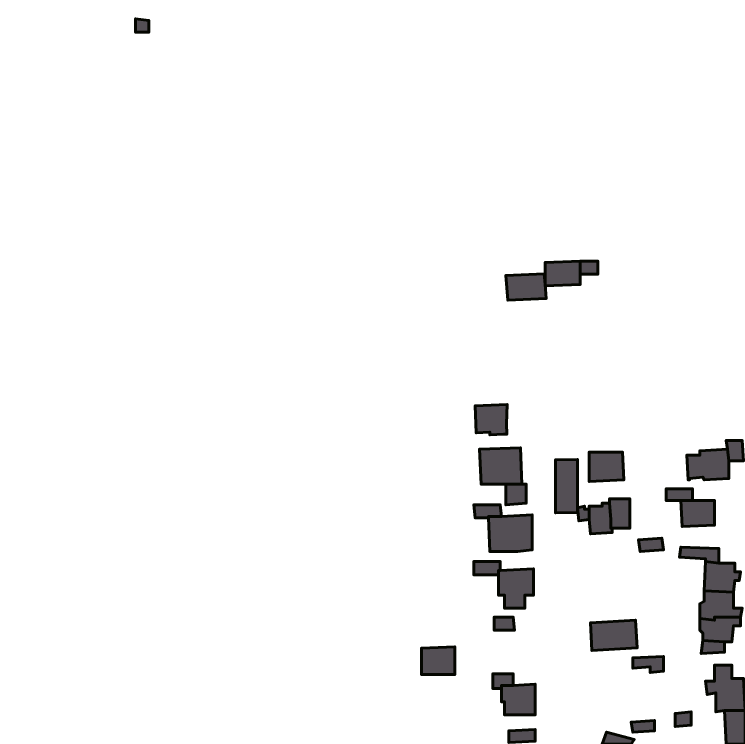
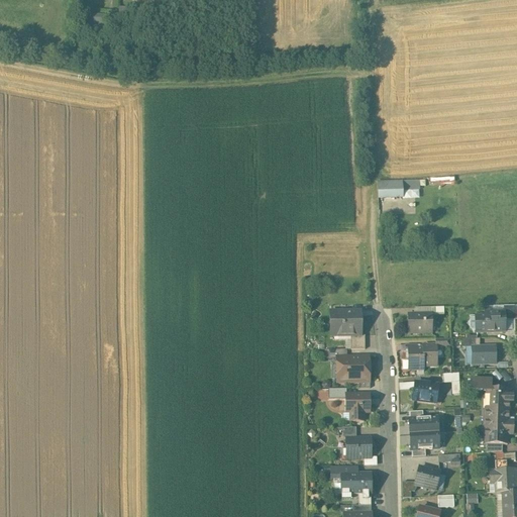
building: [506,274,546,300] -> none
building: [475,405,507,435] -> none
building: [556,459,577,513] -> none
building: none -> [413,382,438,402]
building: none -> [408,413,440,431]
building: [421,647,455,674] -> [346,438,370,457]
building: none -> [415,467,439,490]

